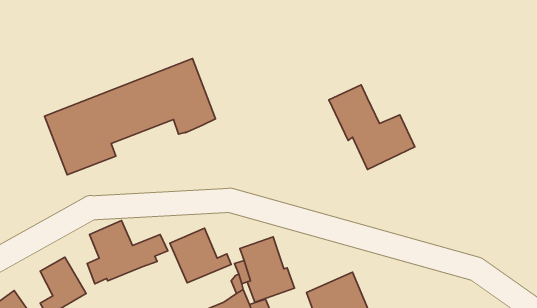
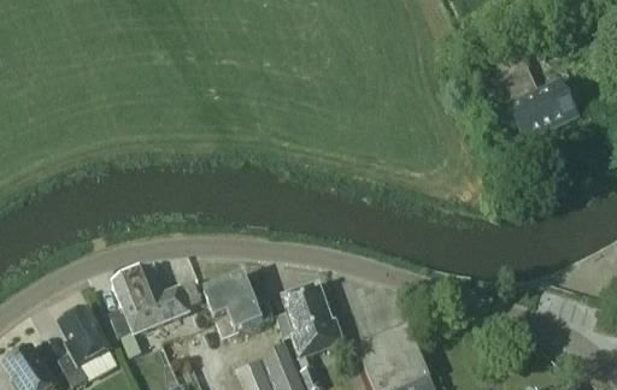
building: [45,58,215,175] -> none
building: [329,85,415,169] -> [478,46,575,141]

